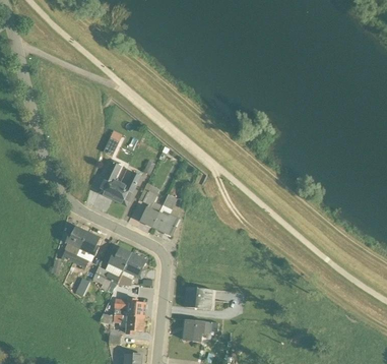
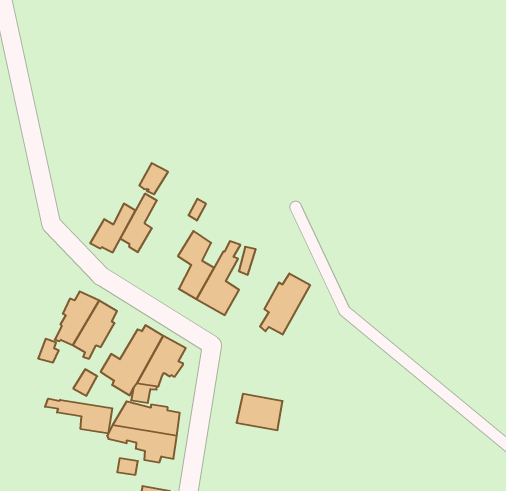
building: [112,170,140,202] -> [90,204,136,252]
building: none -> [260,273,310,335]
building: none -> [45,399,112,434]
building: [182,318,218,341] -> none

